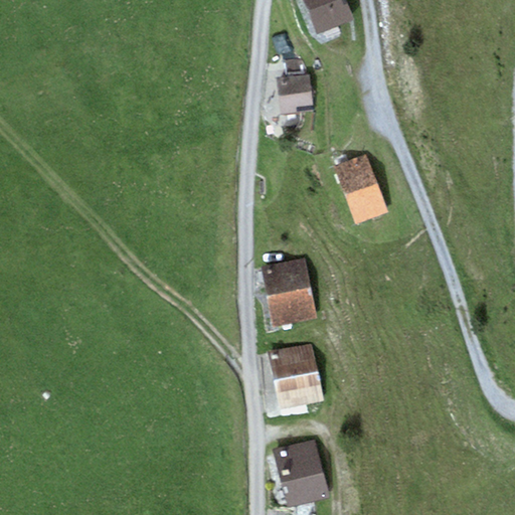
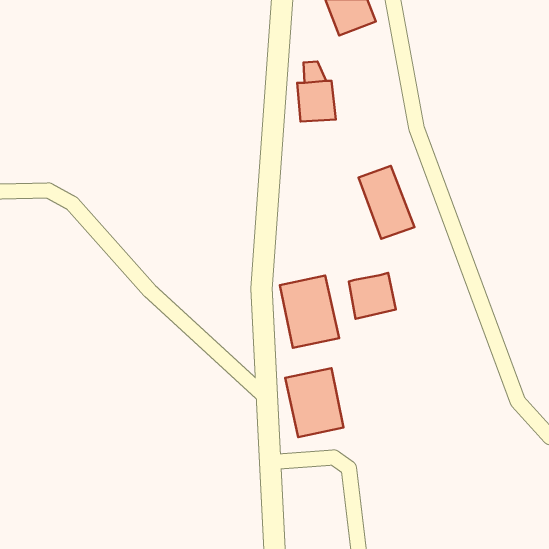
building: none -> [349,273,396,319]
building: [274,441,327,506] -> none

